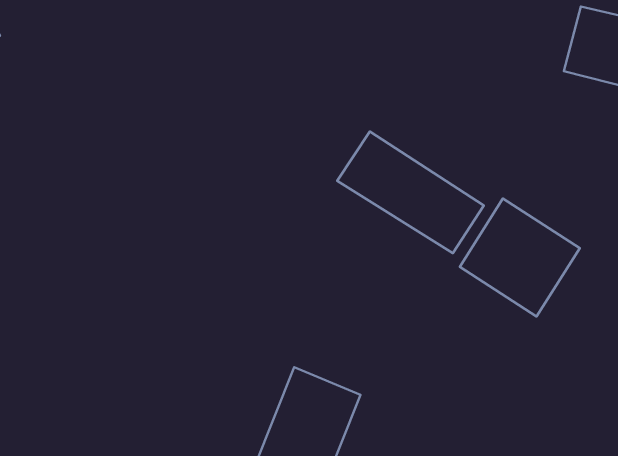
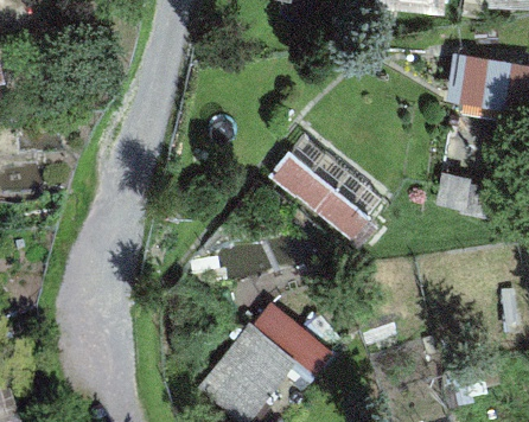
building: [460,199,580,317] -> none

